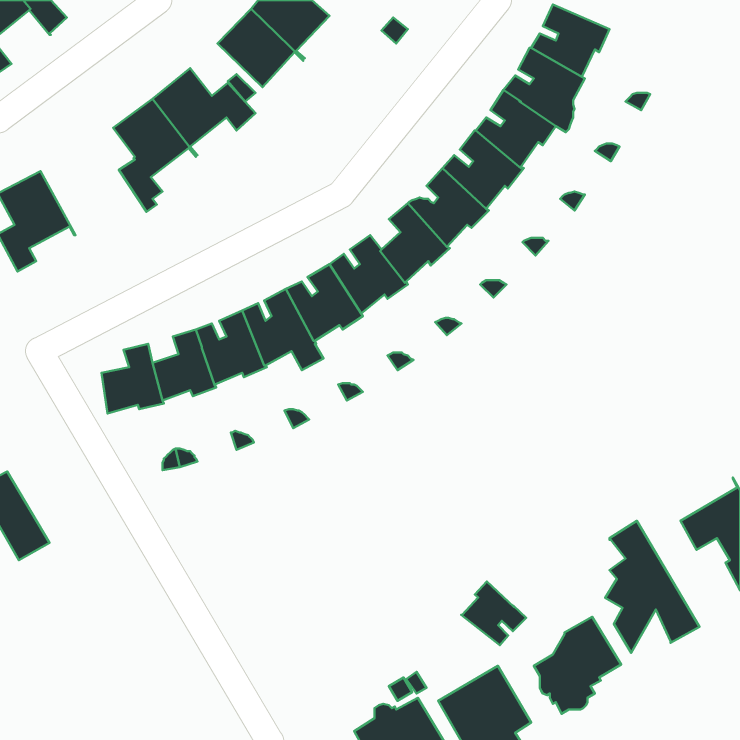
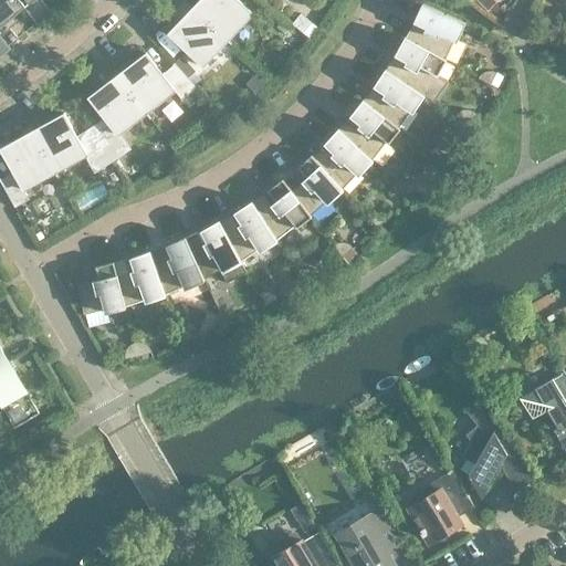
building: none -> [31,114,112,180]
building: [461,582,526,645] -> none

